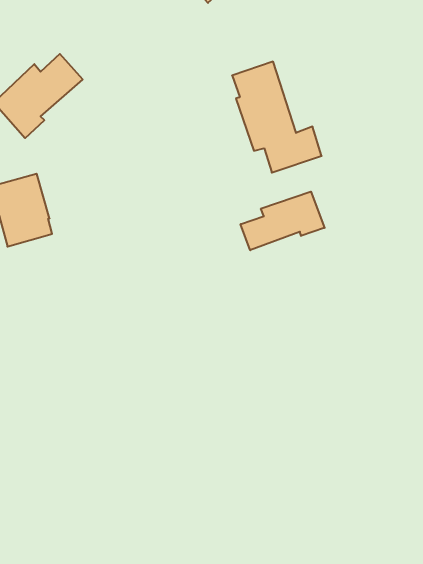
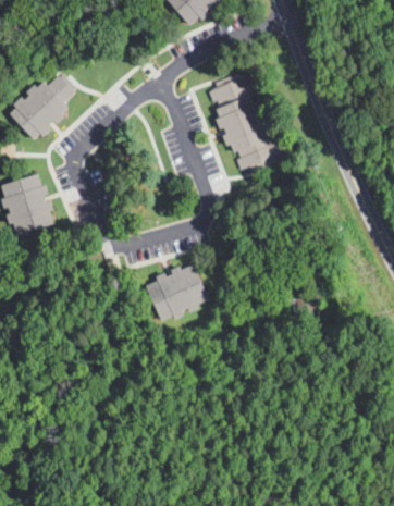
building: [241,192,325,250] -> none
building: none -> [146,262,211,323]

